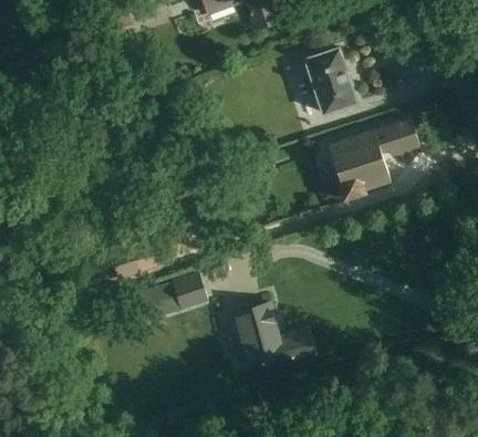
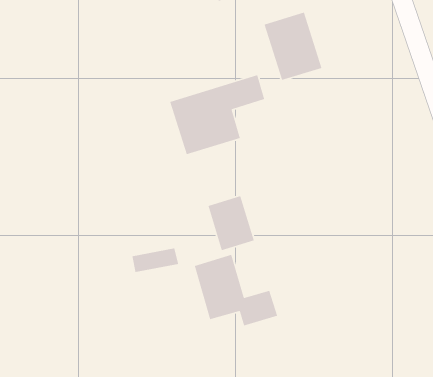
building: [315,115,416,200] -> [169,74,265,155]
building: none -> [208,195,255,251]

